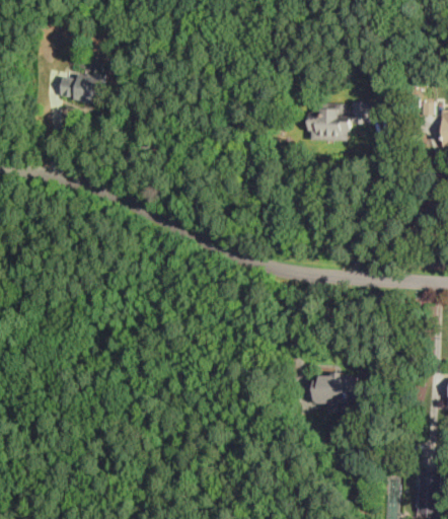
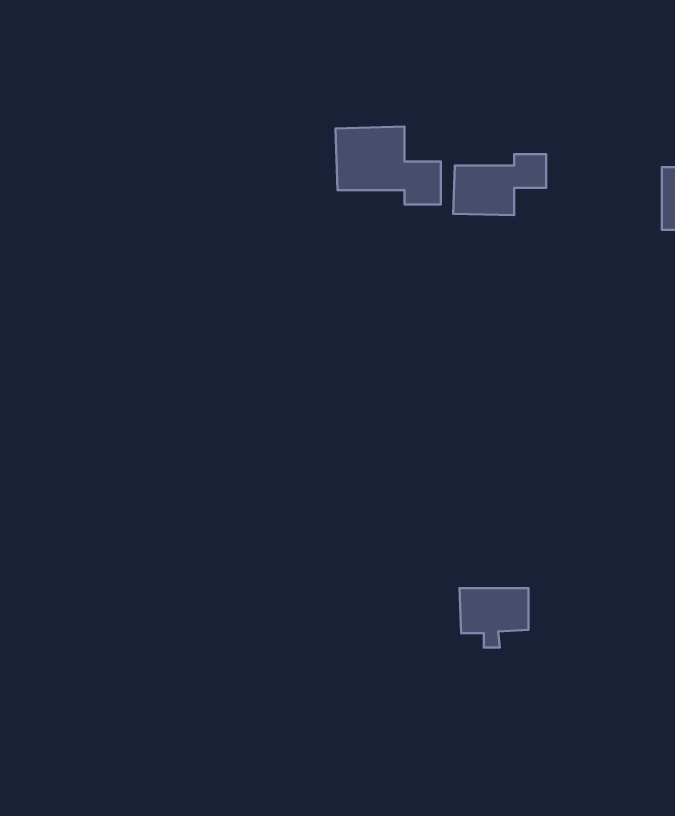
building: [58,71,102,102] -> none
building: none -> [336,127,441,205]

